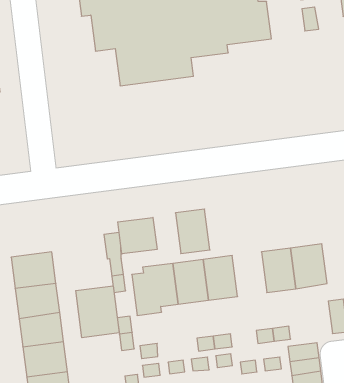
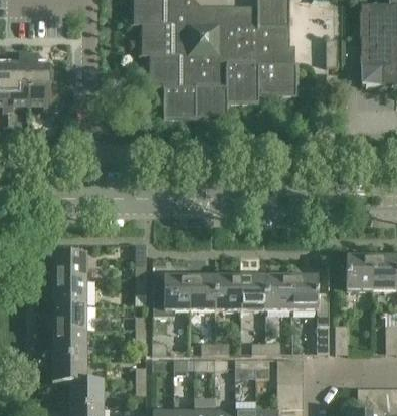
building: [175,209,210,254] -> [240,275,265,310]
building: [118,217,157,254] -> none
building: [76,286,119,338] -> none

